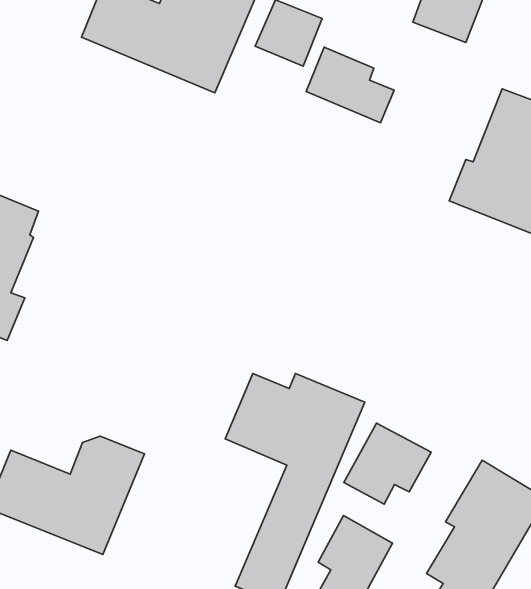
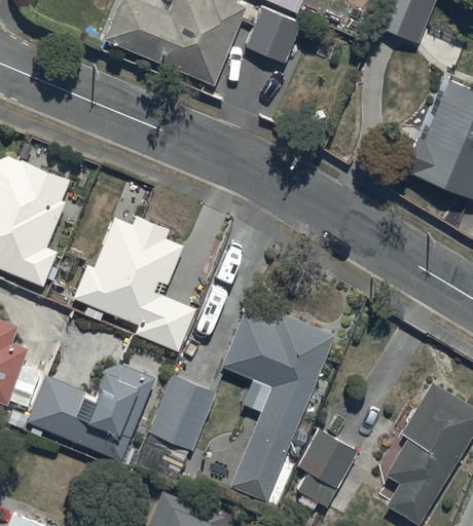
building: [306,47,394,123] -> none
building: none -> [73,216,195,351]
building: [344,423,431,504] -> none
building: none -> [149,374,216,449]

